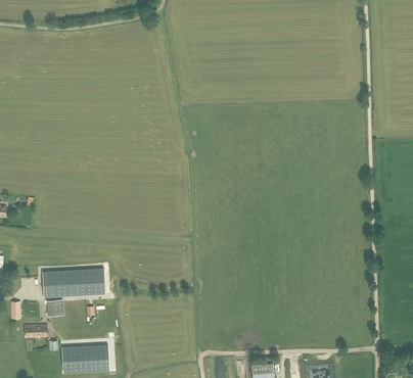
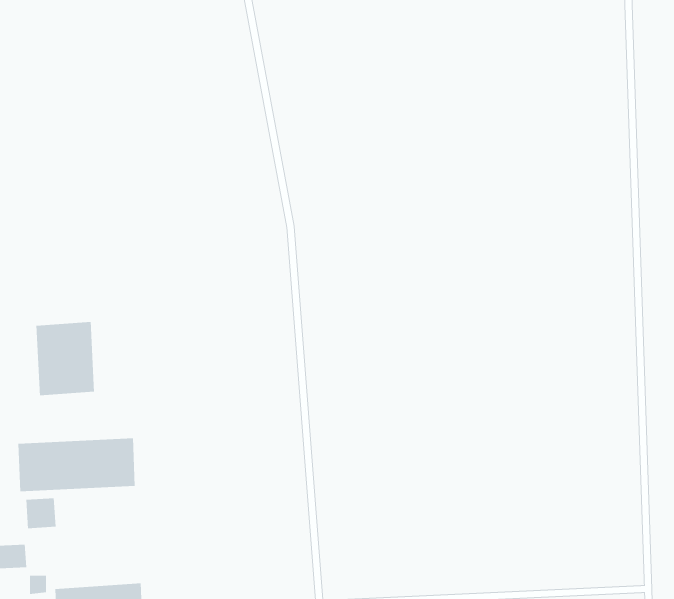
building: none -> [36,321,95,396]

